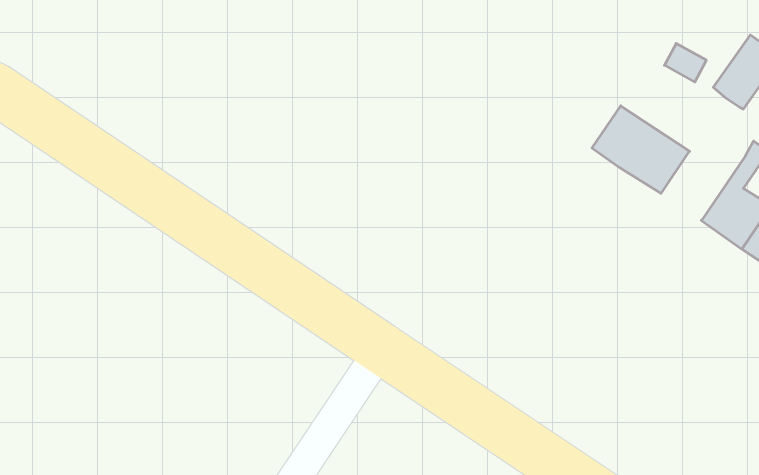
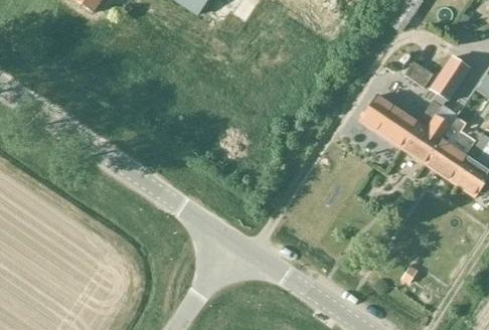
building: none -> [400,90,451,163]

